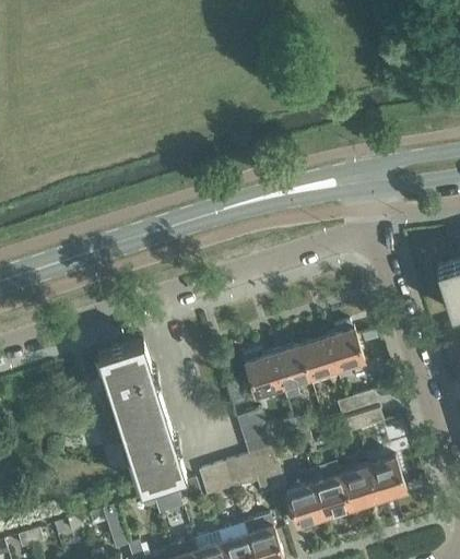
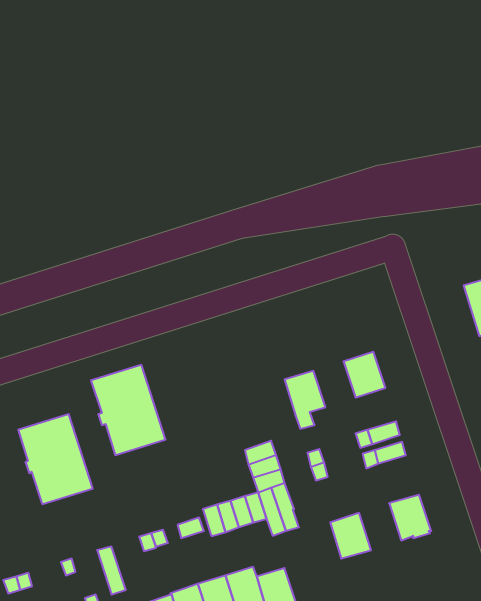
building: [298,338,337,380] -> none
building: [244,355,282,396] -> none
building: [118,409,186,491] -> [18,414,93,504]
building: [340,467,378,510] -> none
building: [285,485,323,528] -> none

